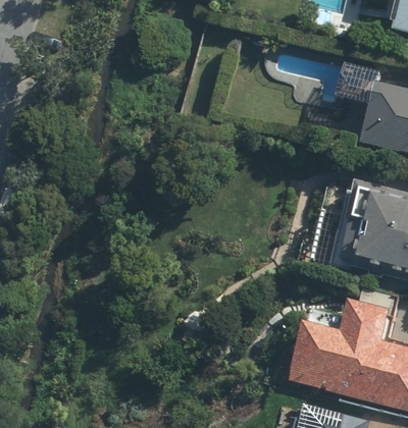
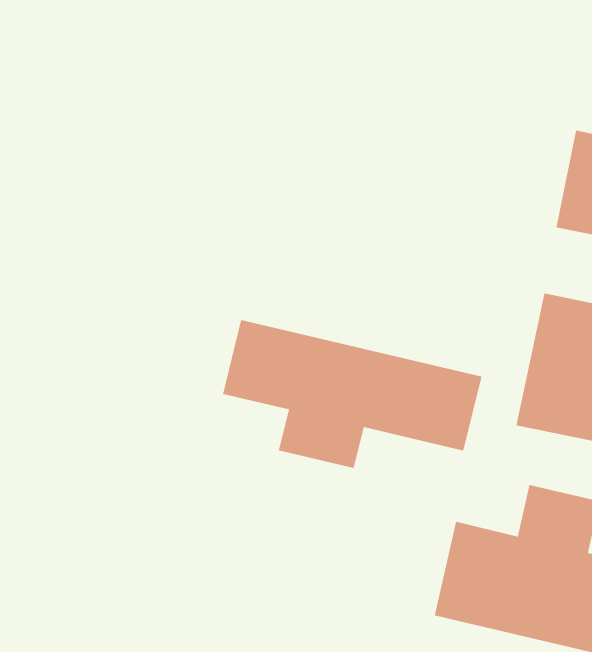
building: none -> [222,319,482,469]

